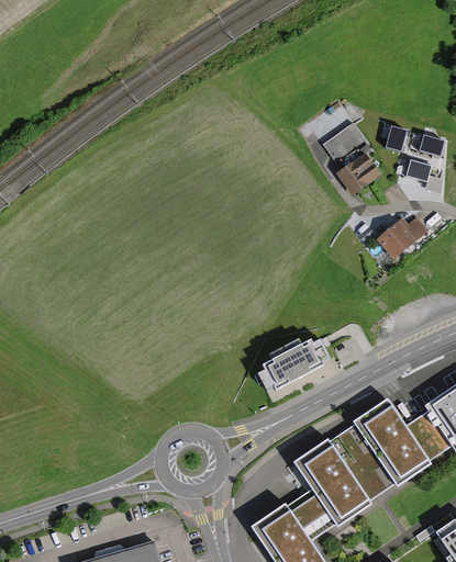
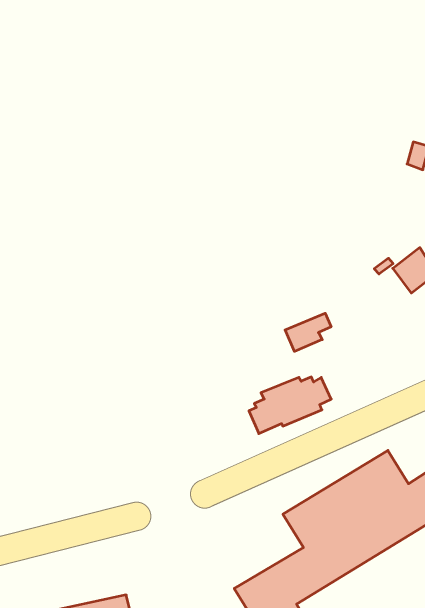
building: [323,124,381,195] -> none
building: none -> [285,313,331,351]

